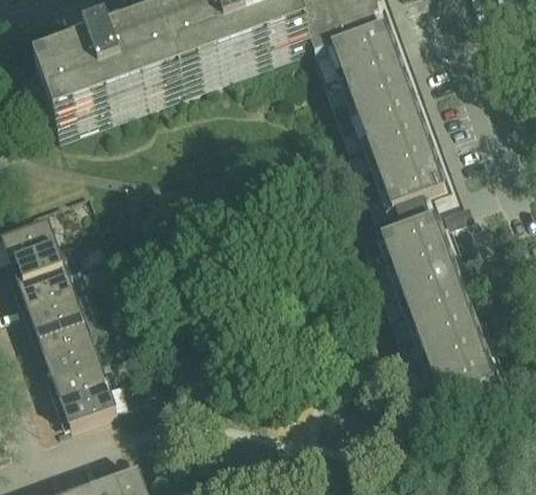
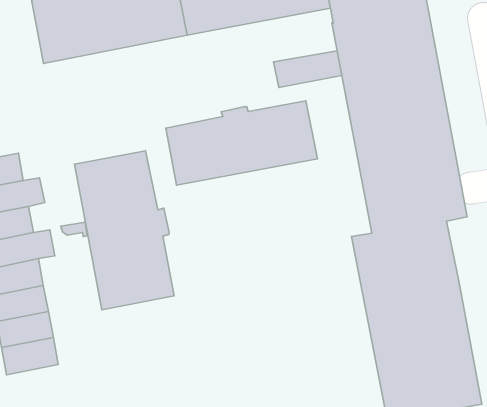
building: none -> [273,51,342,87]
building: none -> [166,101,317,185]
building: none -> [74,151,174,310]

